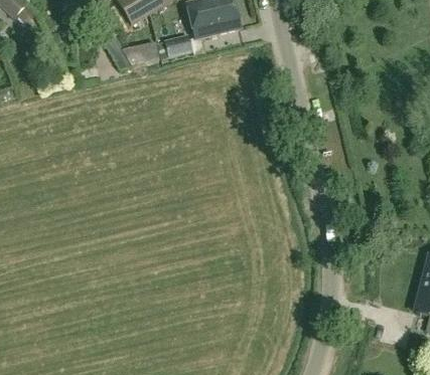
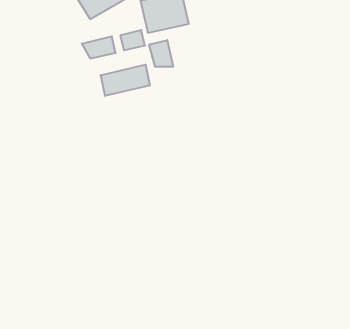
building: none -> [149,40,173,67]
building: none -> [101,65,150,96]

